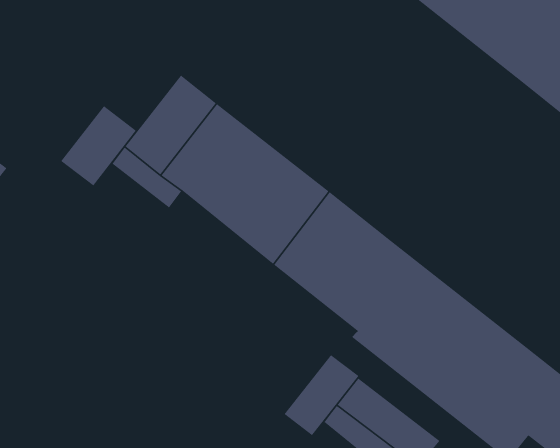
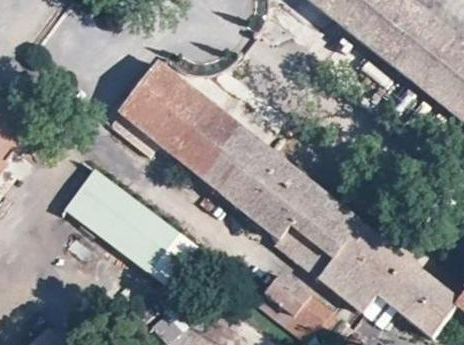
building: [60,105,137,186] -> none
building: none -> [64,167,199,285]
building: [283,354,359,436] -> none

